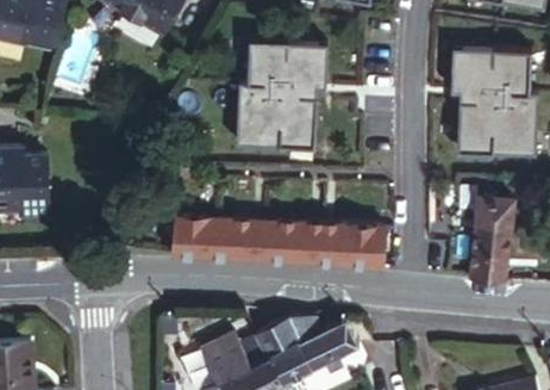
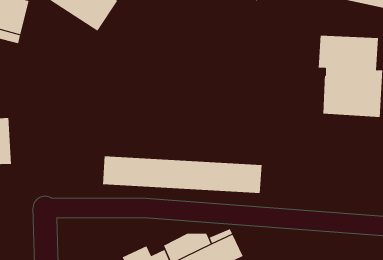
building: [239,43,333,151] -> none
building: [473,198,508,280] -> none

